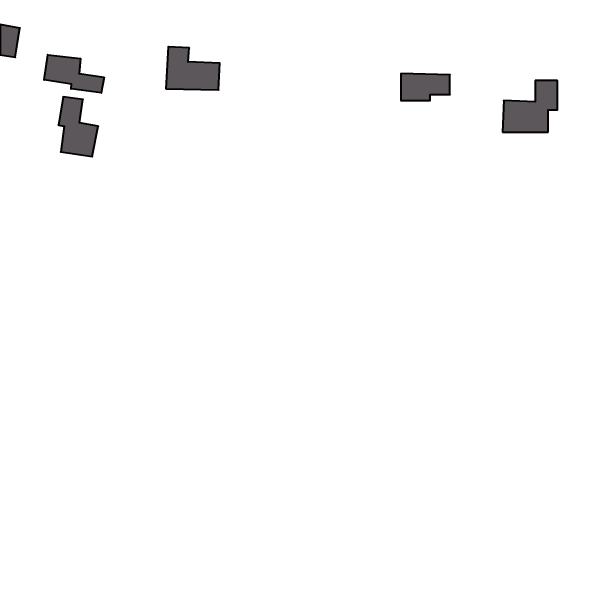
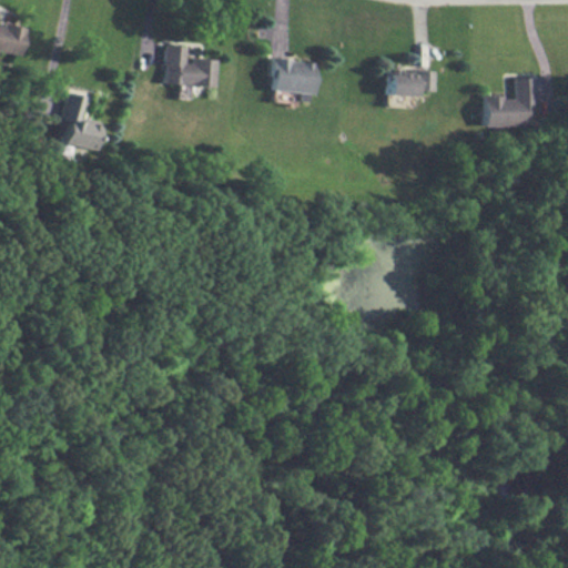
building: [44,55,104,93] -> none
building: none -> [270,60,313,102]

